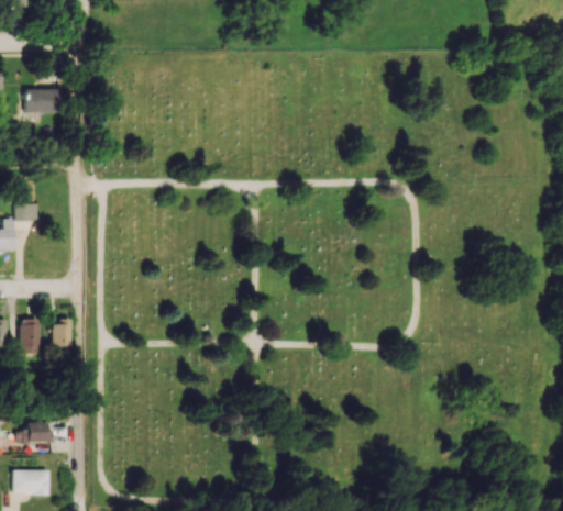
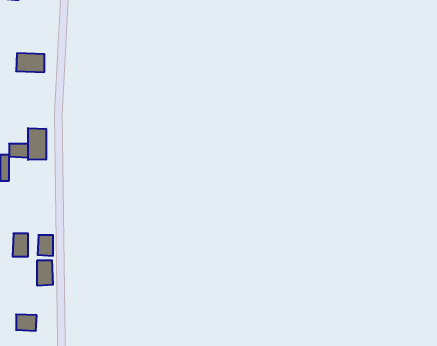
building: none -> [28,128,46,160]
building: none -> [37,260,53,286]

